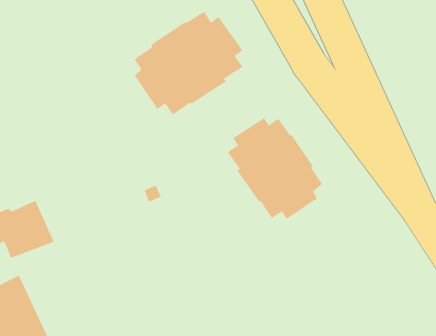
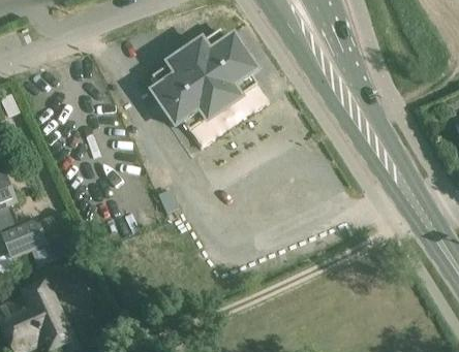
building: [227,117,323,220] -> none

